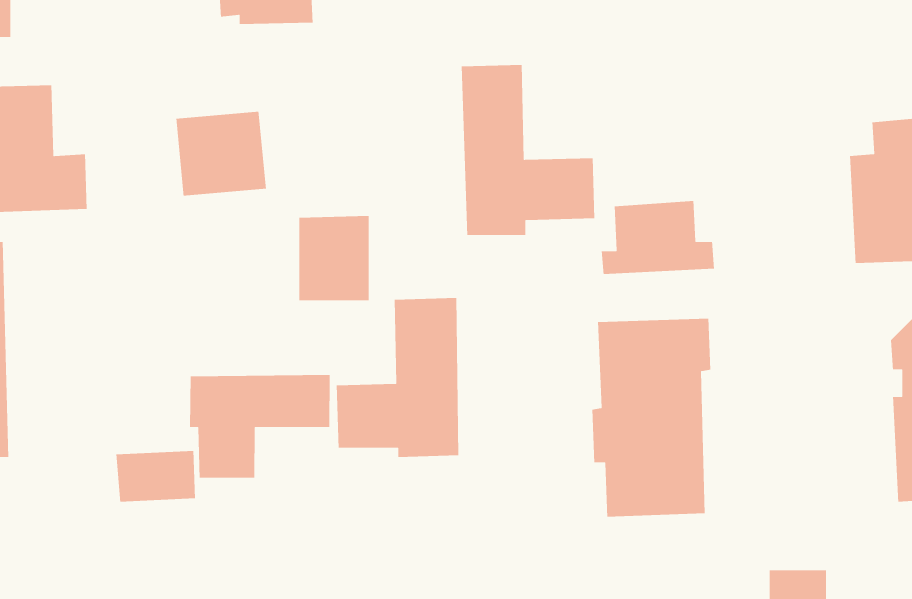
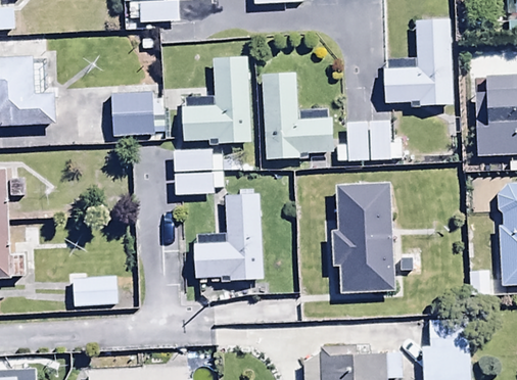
building: none -> [386,19,453,108]
building: none -> [181,38,248,127]
building: [189,374,330,479] -> none

